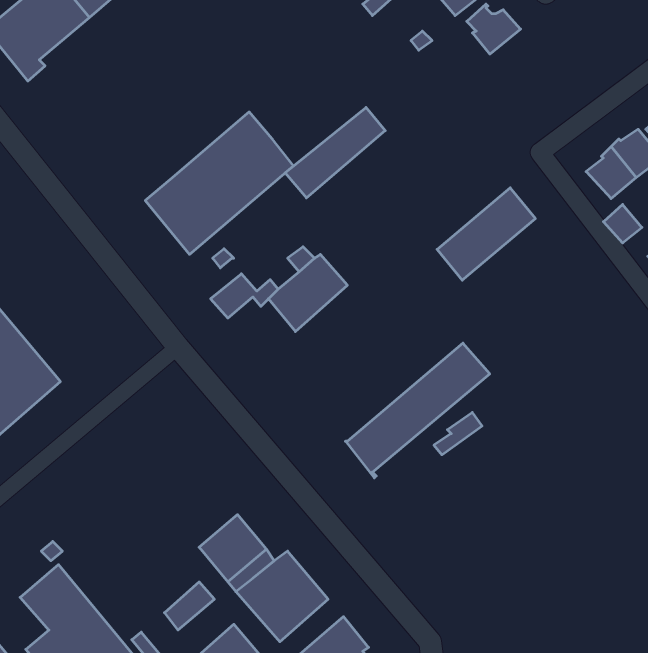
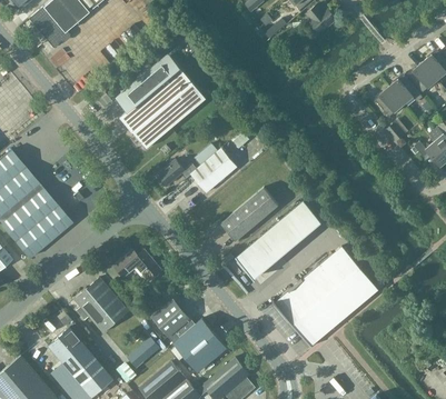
building: [285,107,385,198] -> [122,53,180,106]
building: [437,188,535,280] -> [221,188,278,241]
building: none -> [272,247,378,346]
building: none -> [113,251,161,282]
building: none -> [75,279,129,335]

